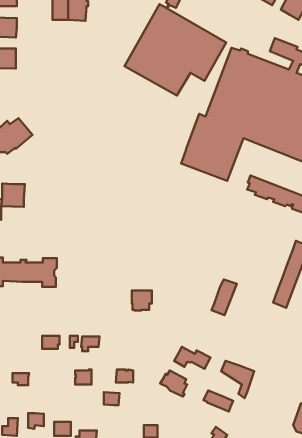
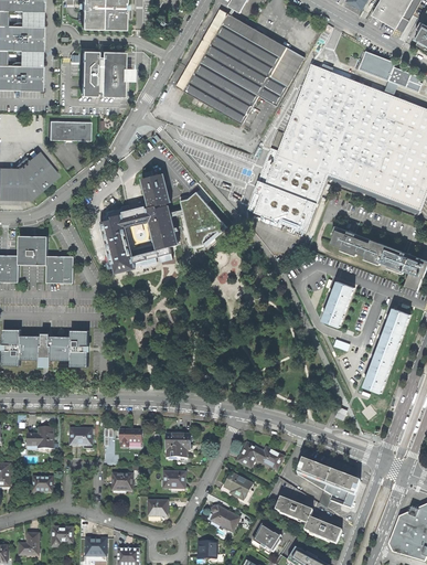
building: none -> [82,50,126,95]
building: none -> [49,120,90,139]
building: none -> [103,173,178,271]
building: none -> [46,255,74,282]
building: [212,280,237,315] -> [321,281,353,327]
building: [132,291,152,311] -> [166,434,191,459]
building: none -> [26,427,53,448]
building: none -> [330,473,360,508]
building: none -> [205,505,241,531]
building: none -> [305,519,341,545]
building: none -> [255,524,281,552]

